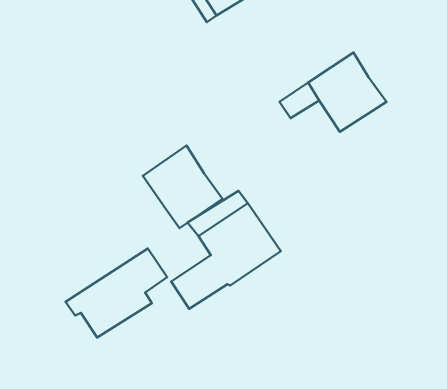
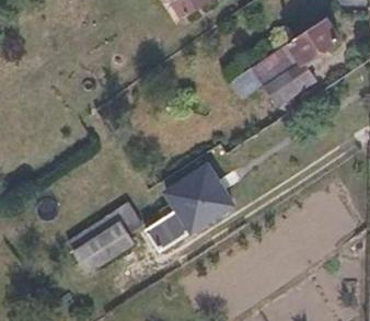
building: none -> [292,22,339,65]
building: [143,145,223,228] -> none

